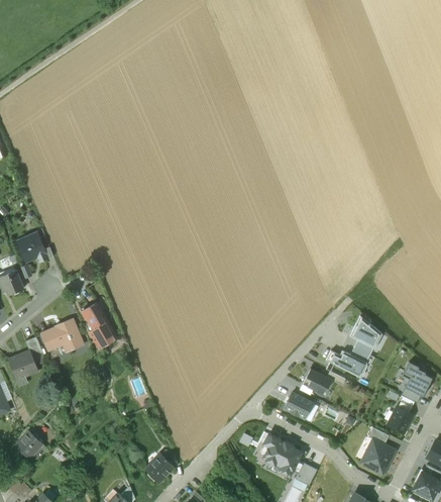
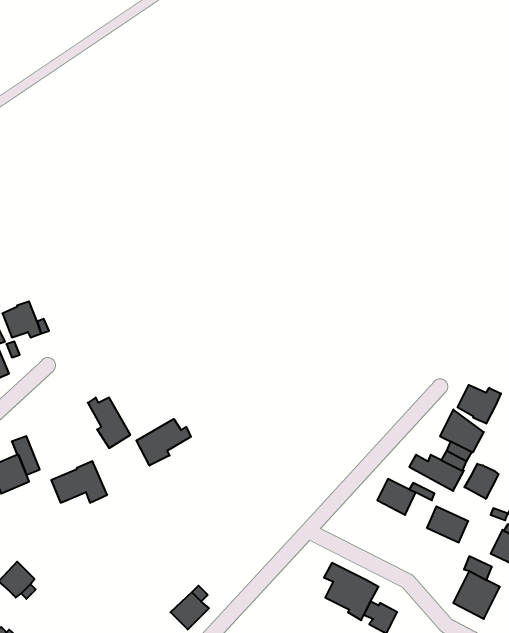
building: none -> [458,385,501,424]
building: [41,319,84,350] -> [51,461,107,503]
building: none -> [136,419,191,466]
building: none -> [464,464,499,499]
building: [284,394,315,421] -> [427,506,468,542]

